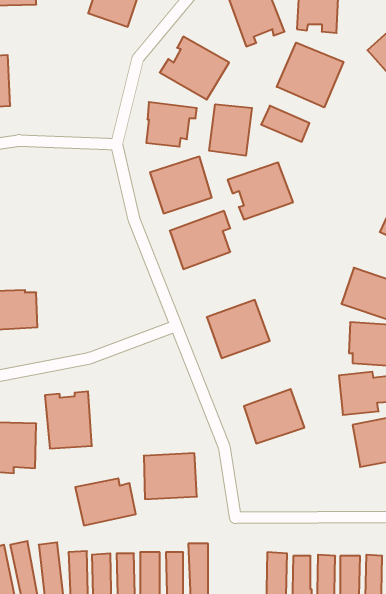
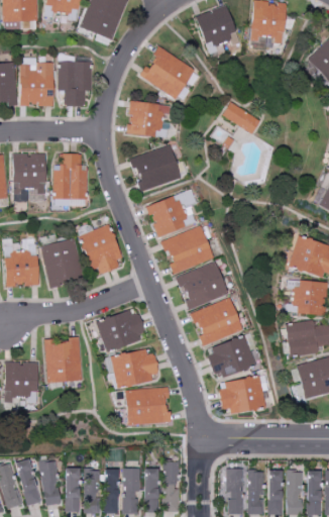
building: [277,43,343,107] -> none
building: none -> [19,58,53,105]
building: none -> [58,61,91,106]
building: [209,104,252,156] -> none
building: [228,163,293,219] -> [159,226,213,273]
building: none -> [12,152,45,194]
building: none -> [52,152,87,199]
building: none -> [82,225,120,273]
building: none -> [40,238,83,286]
building: none -> [191,298,242,344]
building: none -> [96,309,144,350]
building: none -> [218,376,265,414]
building: [75,478,136,525] -> [110,348,159,387]

